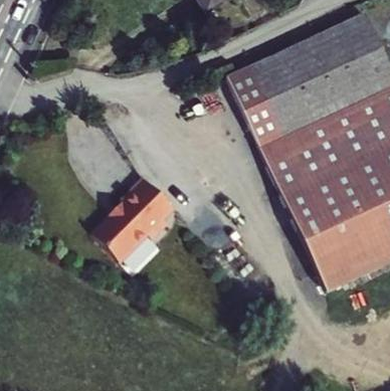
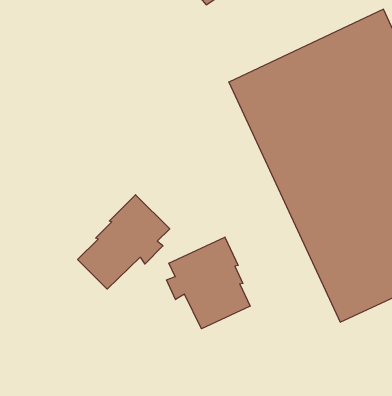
building: none -> [167,237,250,329]

